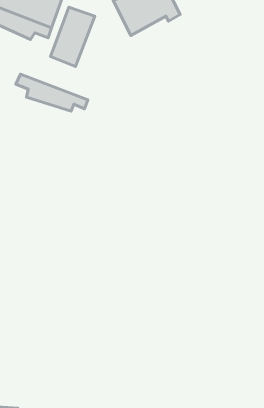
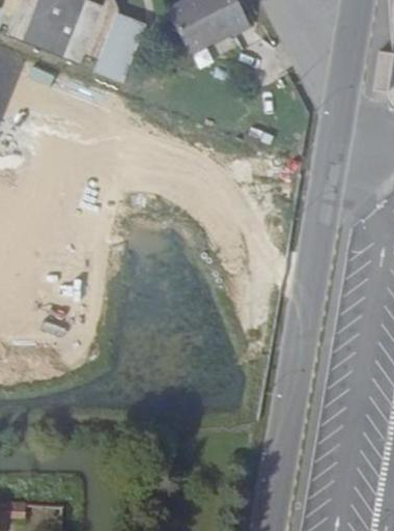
building: [16,74,88,111] -> none

